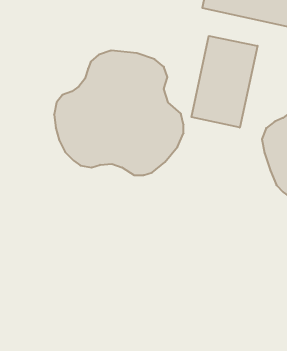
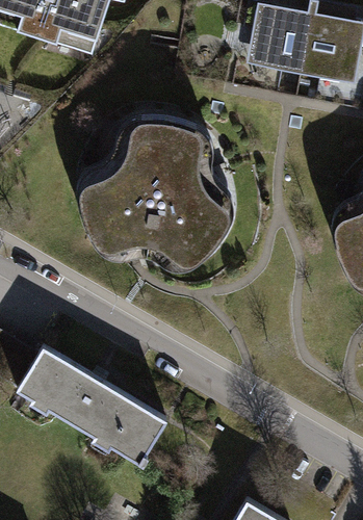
building: [191,36,258,128] -> none
building: none -> [17,347,168,468]

